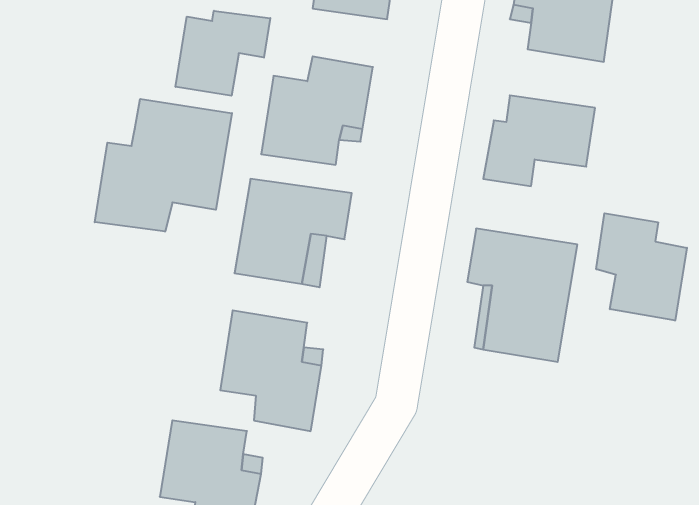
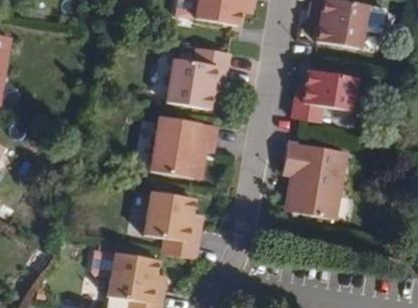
building: [176,11,270,96] -> none
building: [95,99,232,232] -> none
building: [596,213,687,321] -> none

